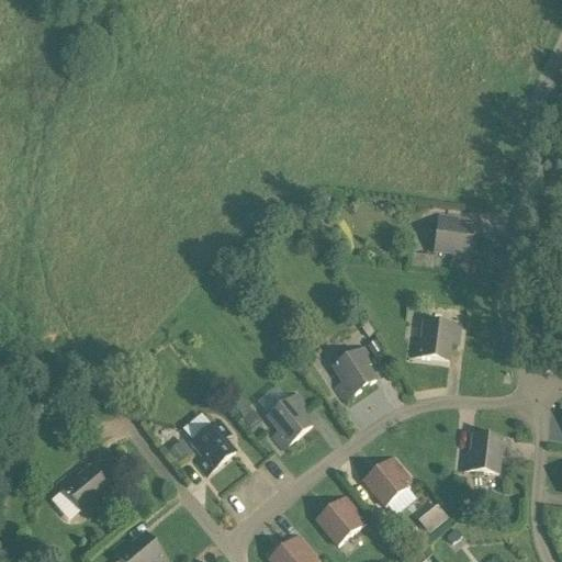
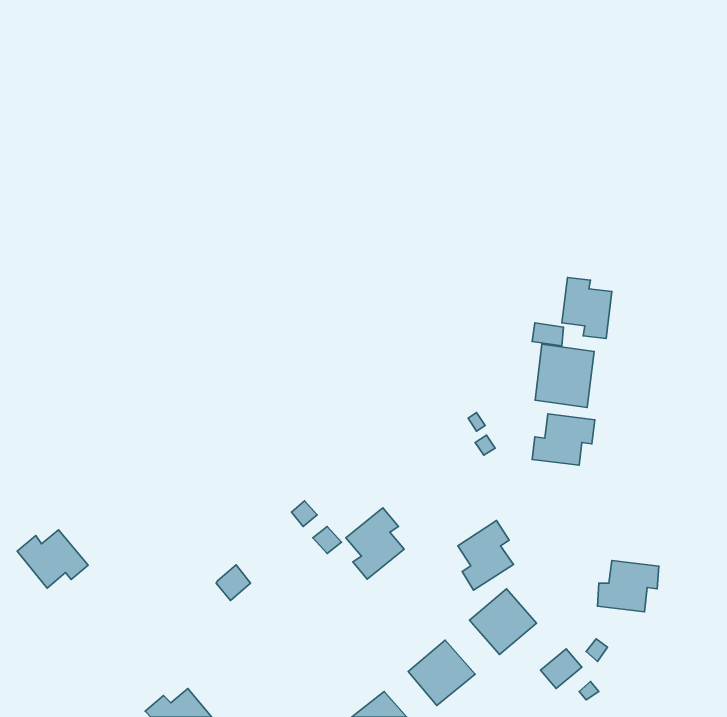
building: none -> [535,344,594,407]
building: [333,345,375,398] -> [458,520,513,590]
building: [191,418,235,473] -> none
building: [58,465,113,510] -> [17,530,88,588]

